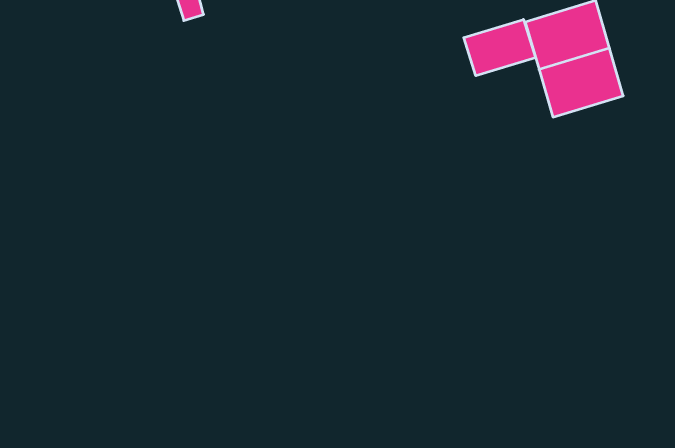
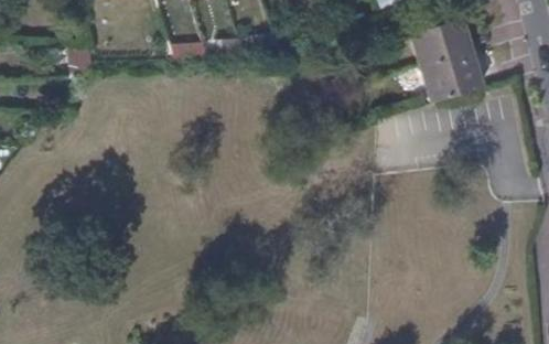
building: [464,19,536,76] -> none

